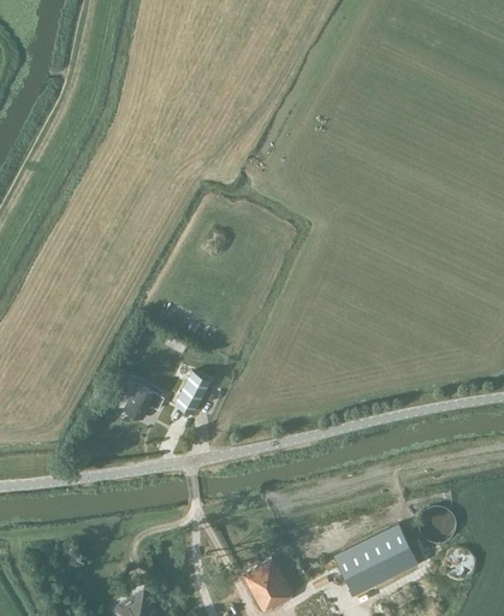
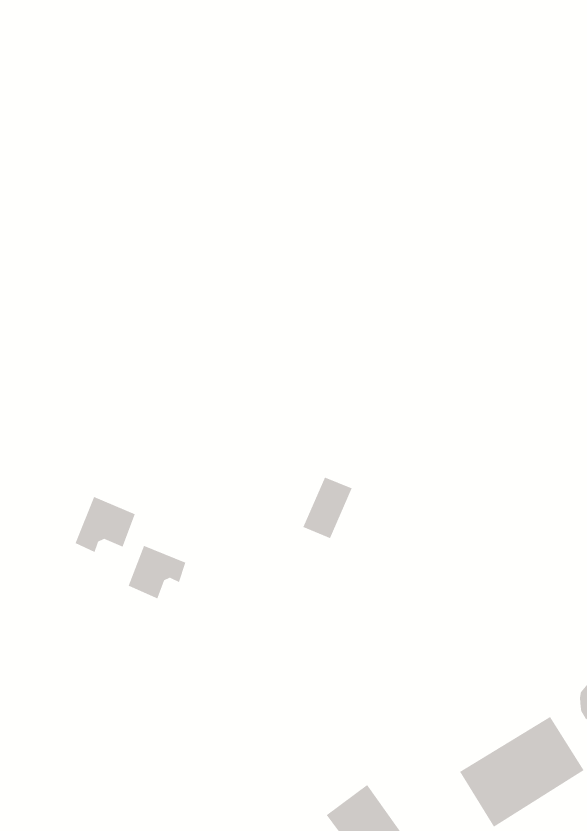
building: none -> [75,496,135,553]
building: [174,373,211,415] -> [303,477,353,539]

